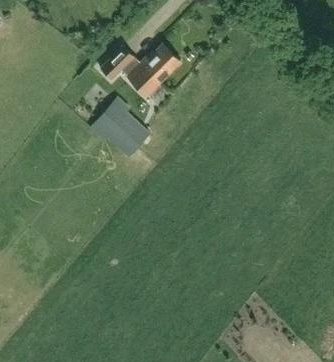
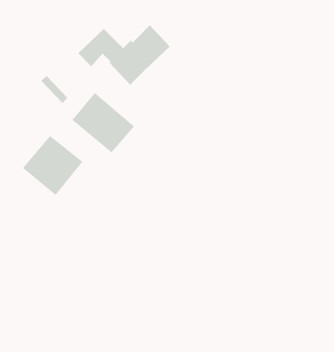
building: none -> [22,135,83,196]

